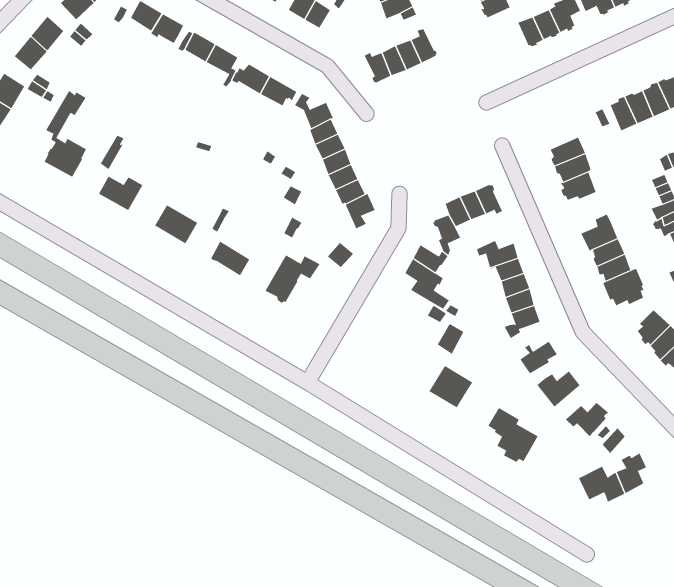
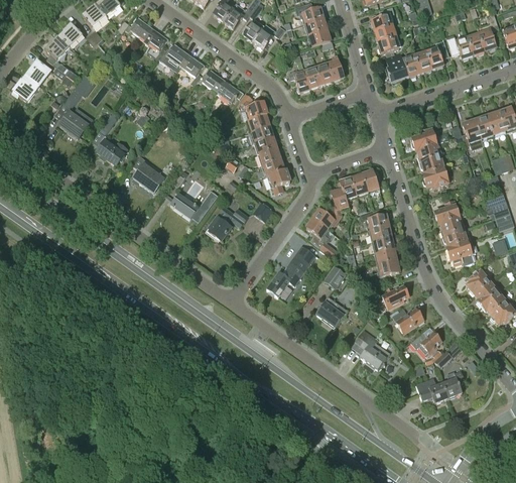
building: none -> [385,51,409,81]
building: none -> [411,127,438,150]
building: none -> [266,245,315,297]

